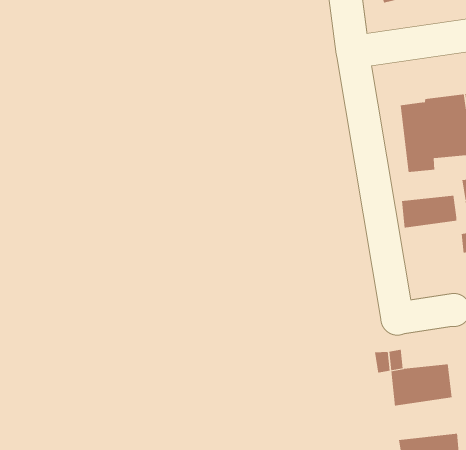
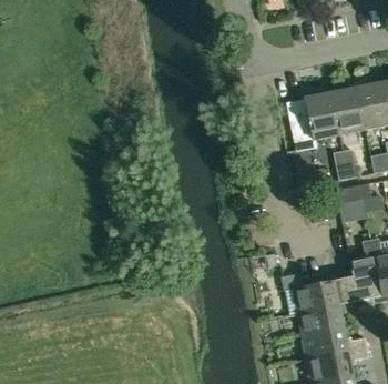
building: none -> [298,304,344,336]

